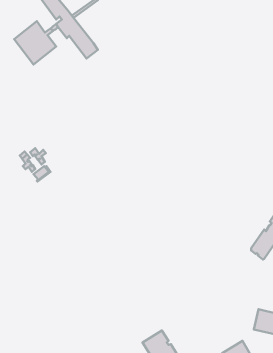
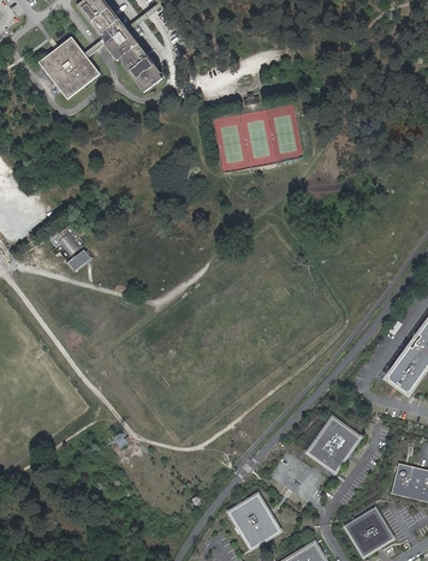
building: none -> [308,417,361,471]

